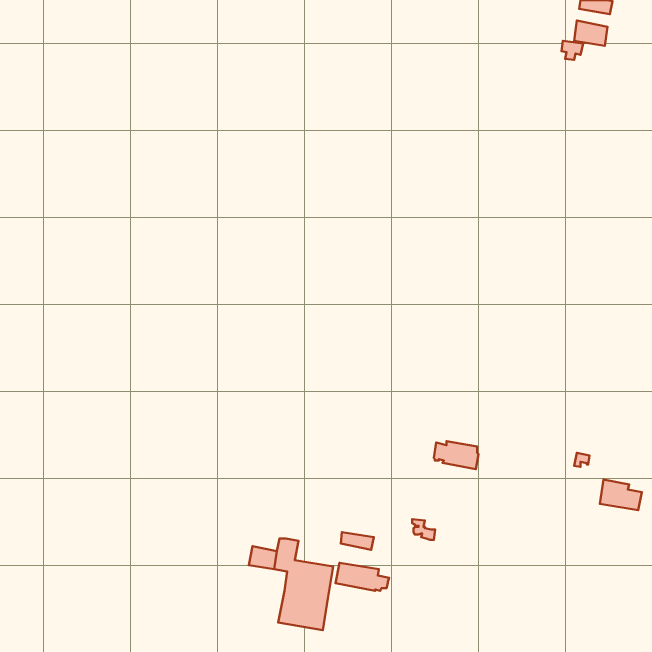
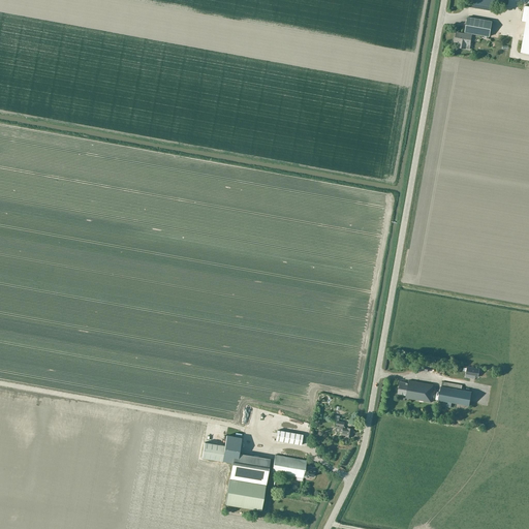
building: [434,441,478,469] -> [398,380,434,403]
building: [600,479,642,510] -> [438,381,472,406]

